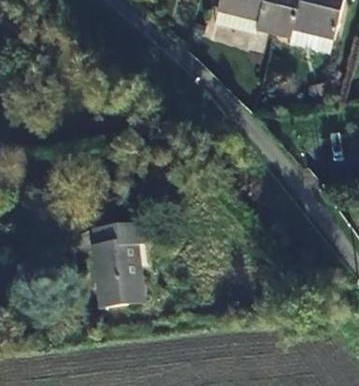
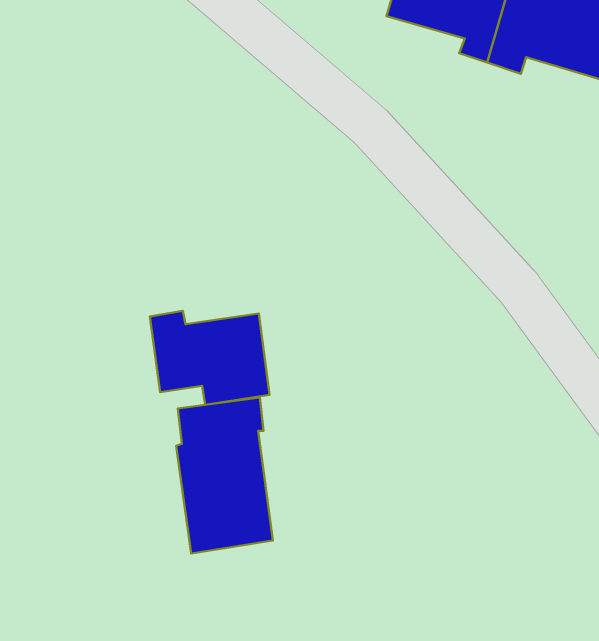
building: none -> [150,311,270,405]

